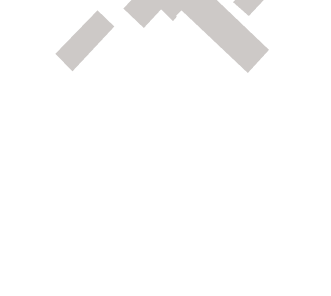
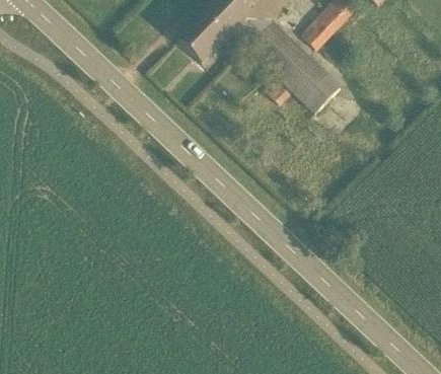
building: [55,10,115,72] -> none

